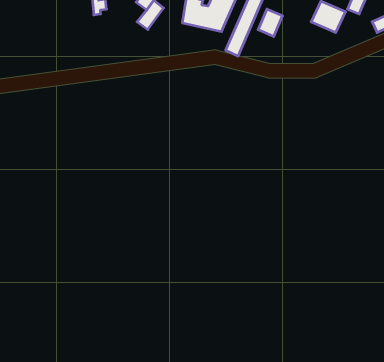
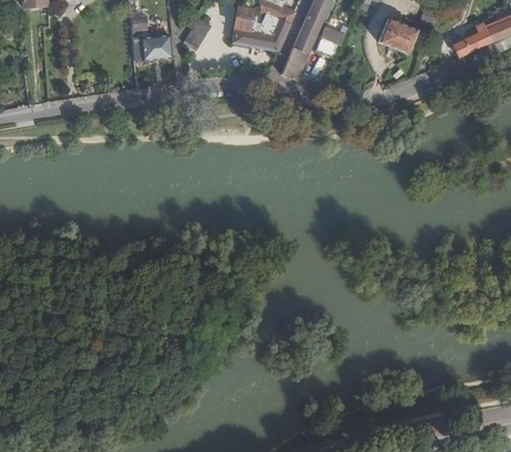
building: none -> [129,35,166,61]

